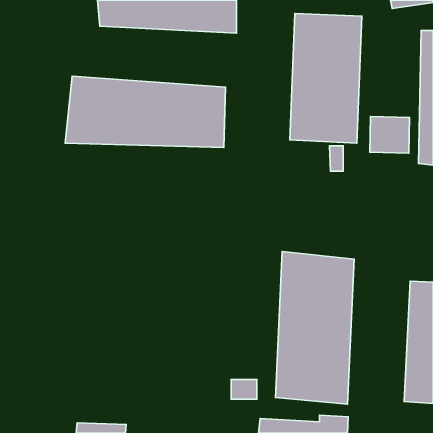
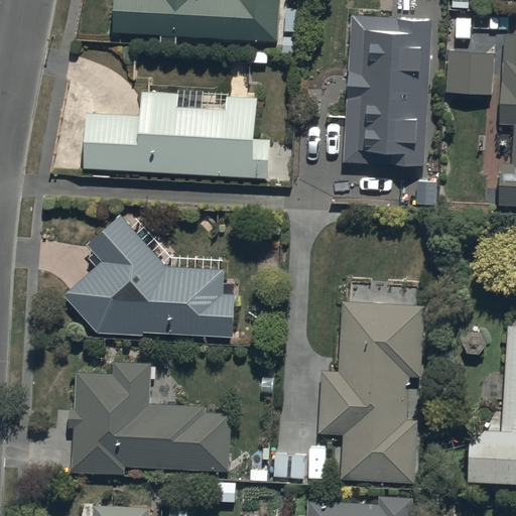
building: [370,117,410,153] -> [445,47,493,91]
building: none -> [53,217,244,339]
building: none -> [77,363,231,475]

